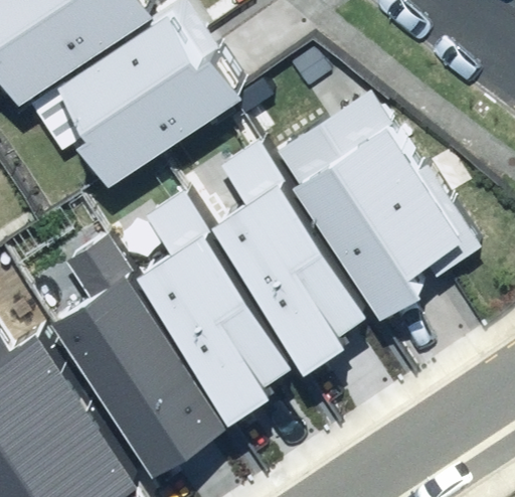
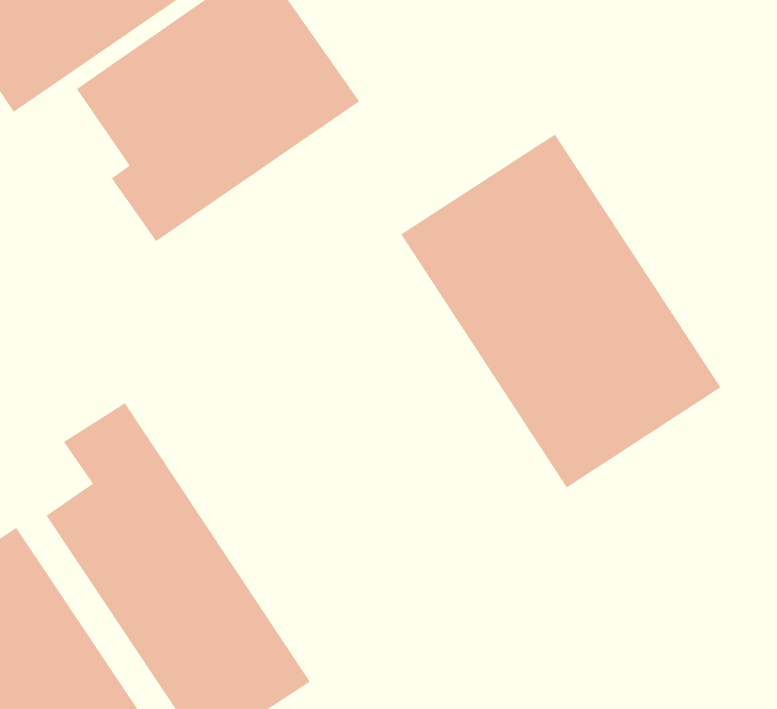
building: [209,149,372,371] -> none
building: [137,203,292,411] -> none

